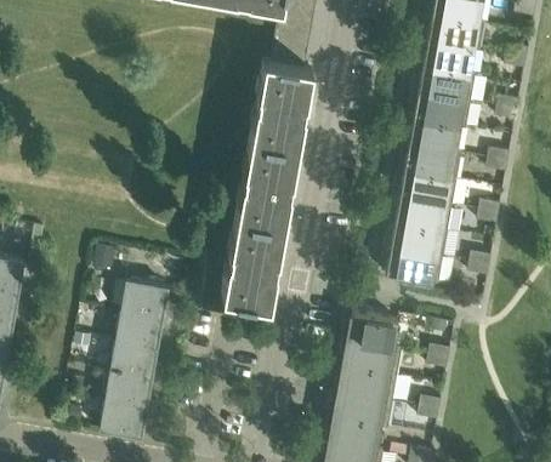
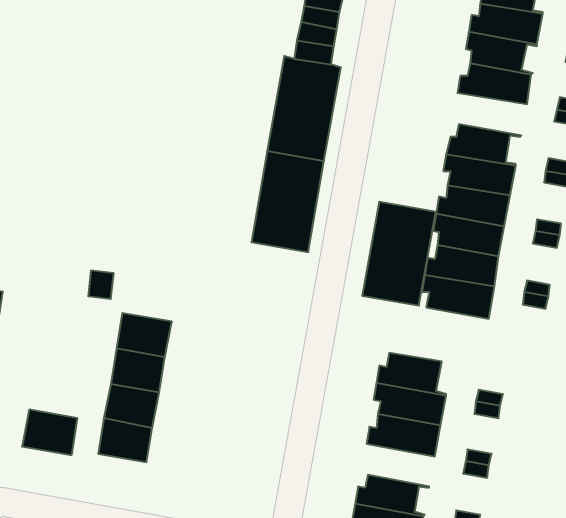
building: [409,97,471,133] -> none
building: [221,224,284,313] -> [362,202,436,306]
building: [331,397,392,433] -> none
building: [98,405,146,444] -> [22,410,77,455]

